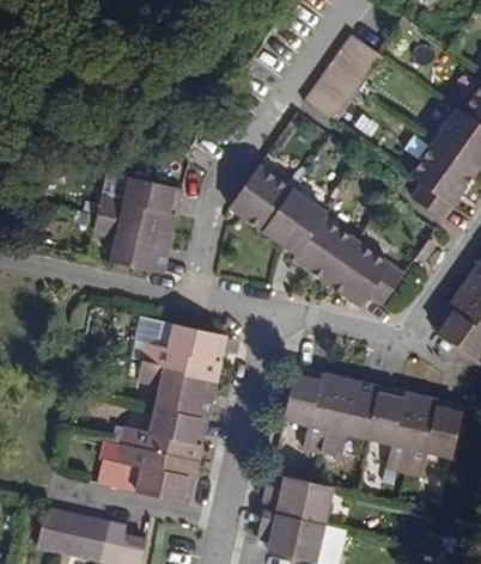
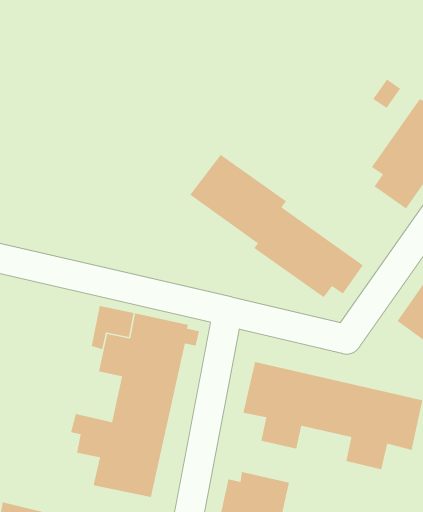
building: [305,35,383,123] -> none
building: [93,178,181,276] -> none
building: [98,439,141,490] -> none

